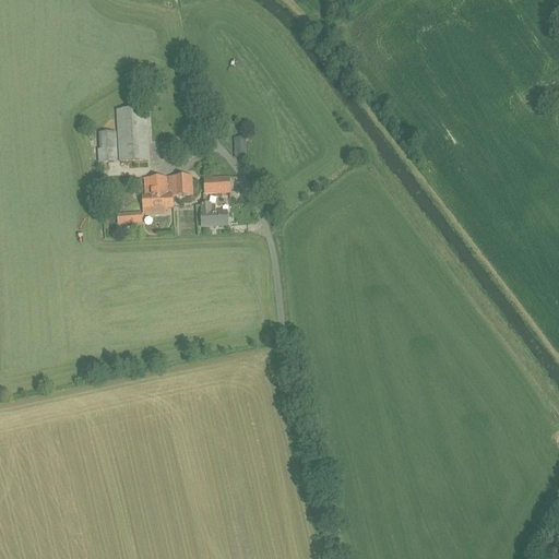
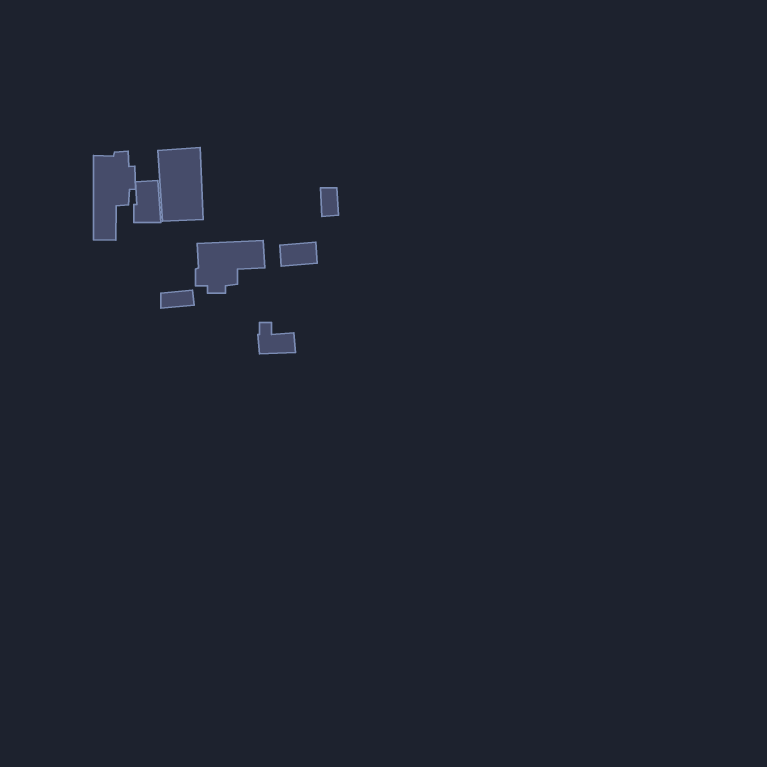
building: none -> [94,151,136,240]
building: [200,203,227,226] -> [258,322,295,354]

